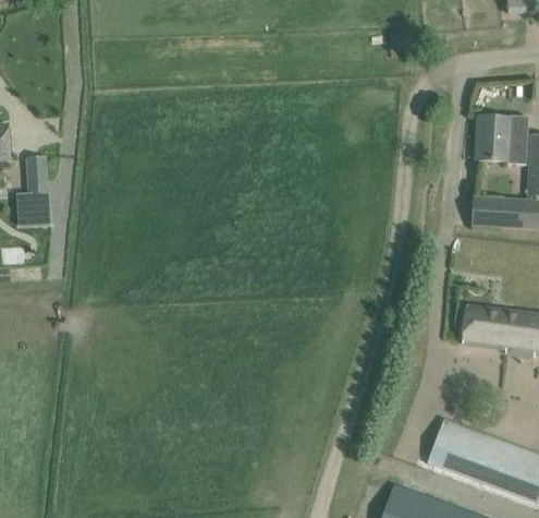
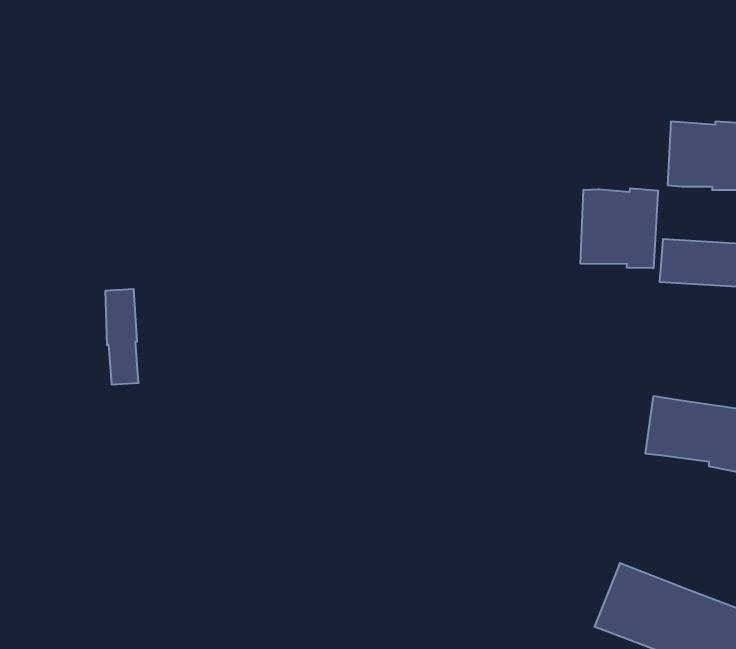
building: [26,156,49,221] -> [105,289,139,384]
building: none -> [581,188,658,268]

